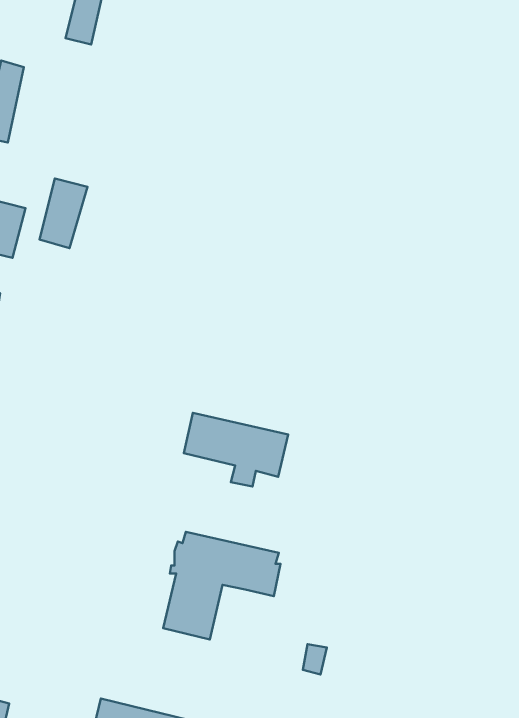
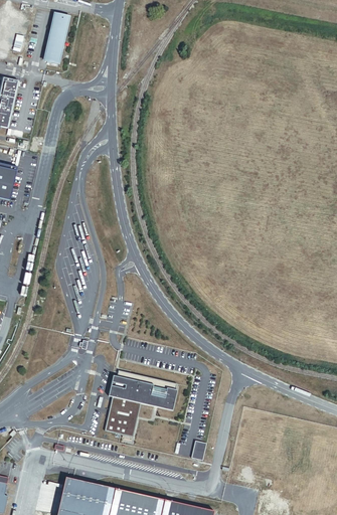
building: [39,178,88,248] -> none
building: [184,413,288,486] -> none

